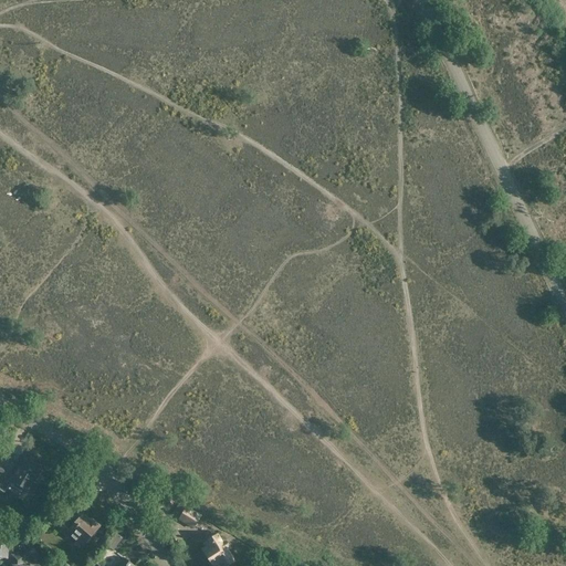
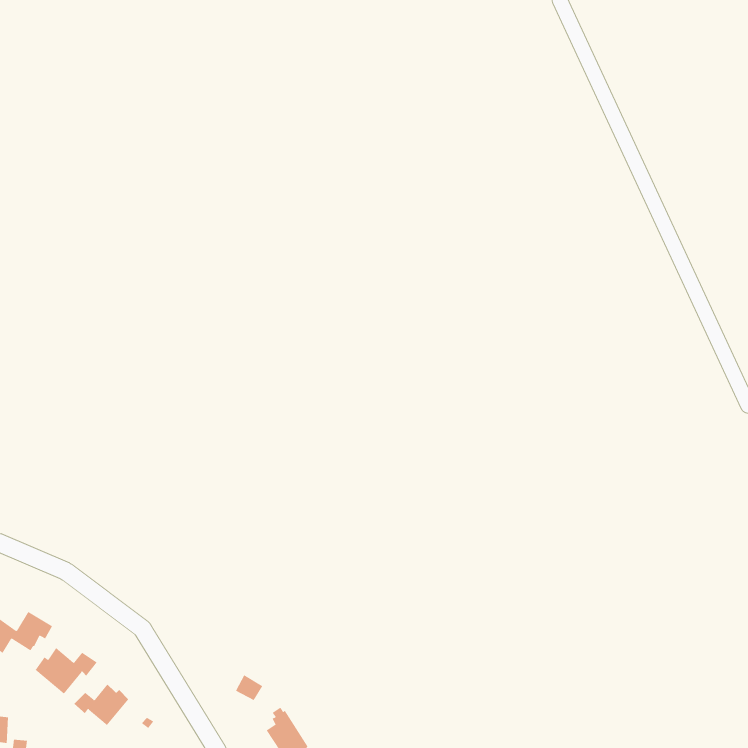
building: none -> [35,647,97,694]

